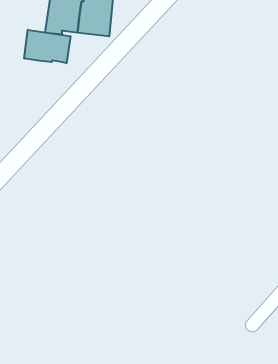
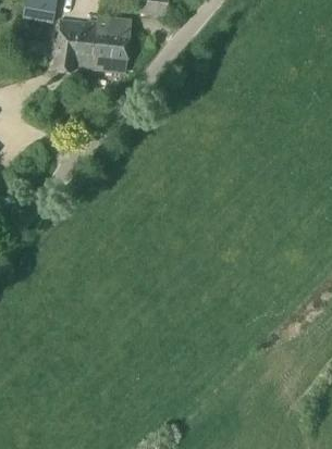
building: [24,30,71,63] -> none

